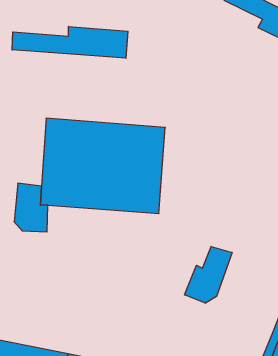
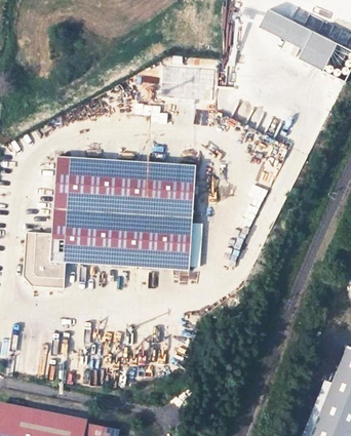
building: [12,26,128,58] -> none
building: [185,246,232,303] -> none

